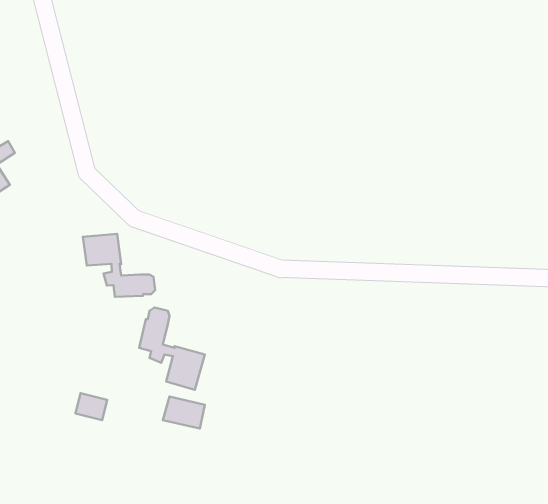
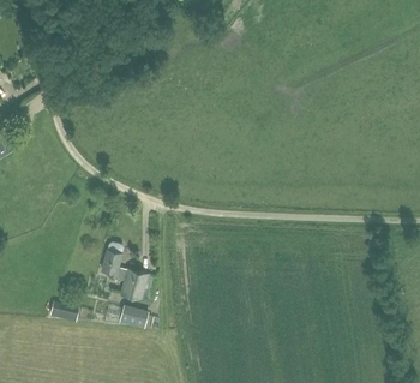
building: [83,234,155,297] -> none

